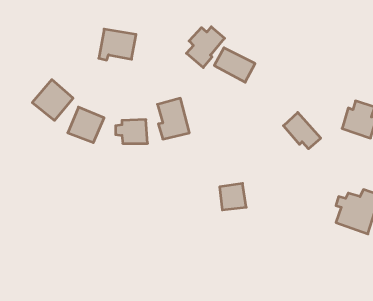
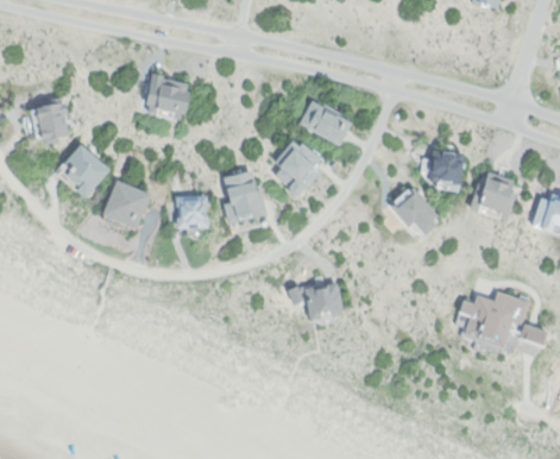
building: [186,27,225,68] -> [272,143,323,197]
building: none -> [33,102,71,140]
building: none -> [429,146,465,186]

